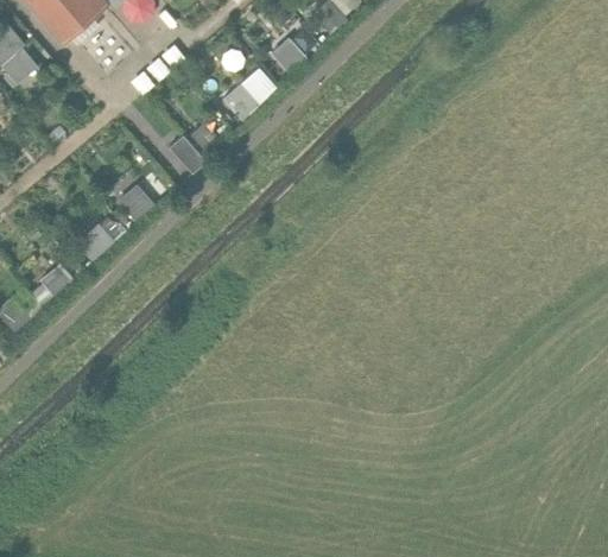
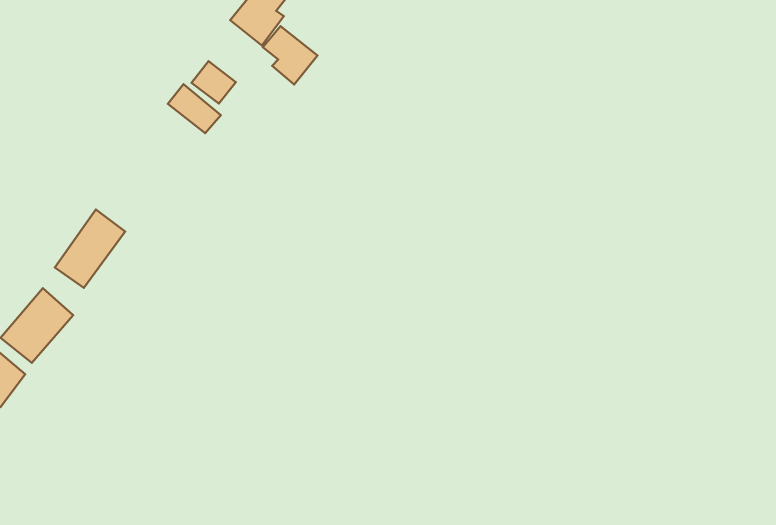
building: none -> [263,26,317,85]
building: [112,183,154,226] -> none

